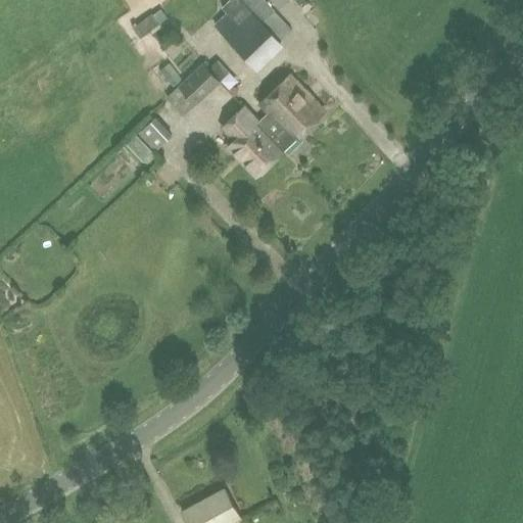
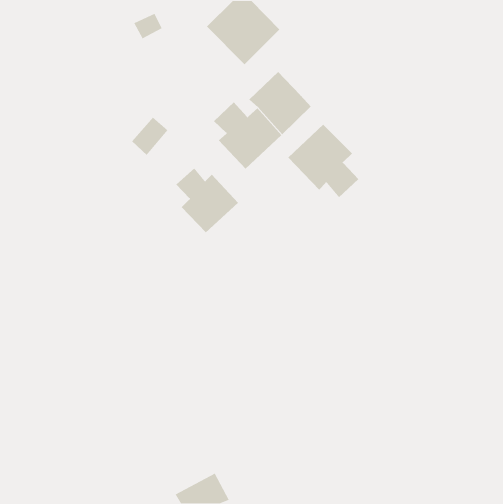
building: [169,63,219,111] -> none
building: none -> [288,124,359,198]
building: none -> [176,167,239,233]

